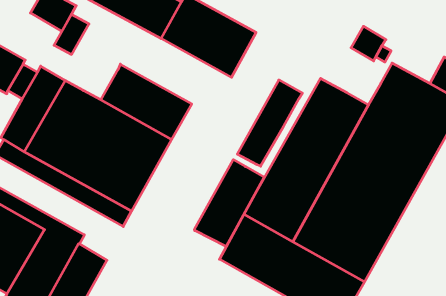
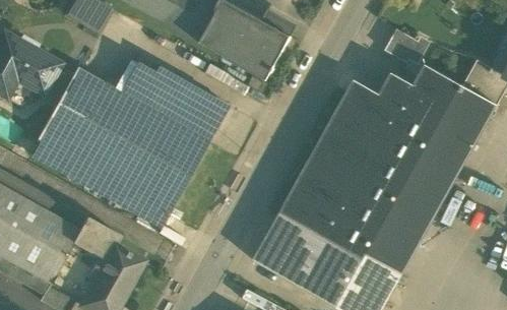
building: [54,15,89,54] -> [118,61,152,101]
building: none -> [380,72,414,106]
building: [237,80,302,166] -> none
building: [194,160,264,247] -> none

